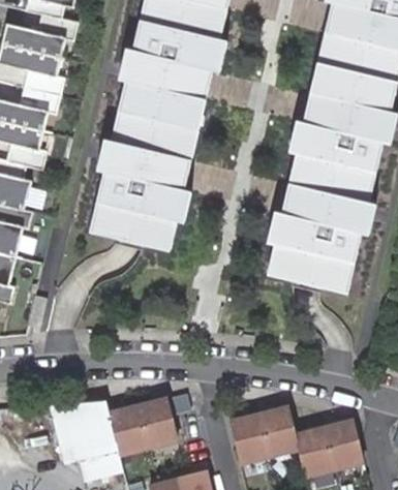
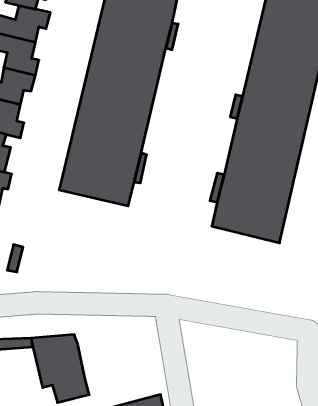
building: [111,395,191,452] -> none
building: [231,407,363,473] -> none

